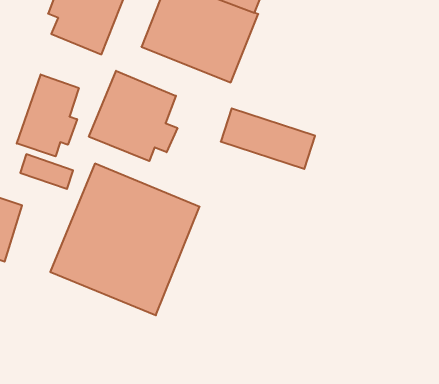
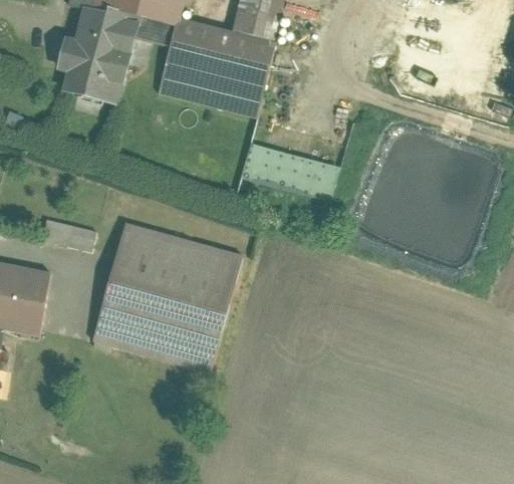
building: [89,71,177,161] -> none
building: [17,74,79,156] -> none

